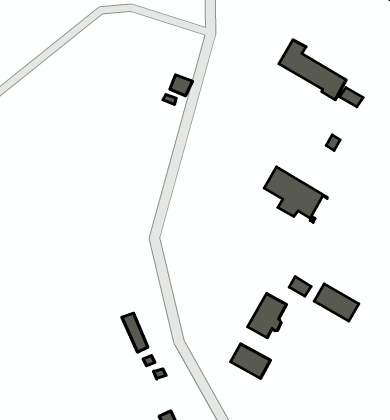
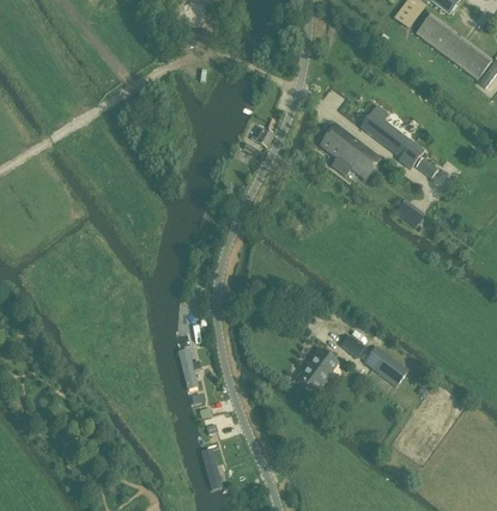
building: [264,167,327,223] -> [321,122,381,181]
building: [231,344,271,378] -> none

